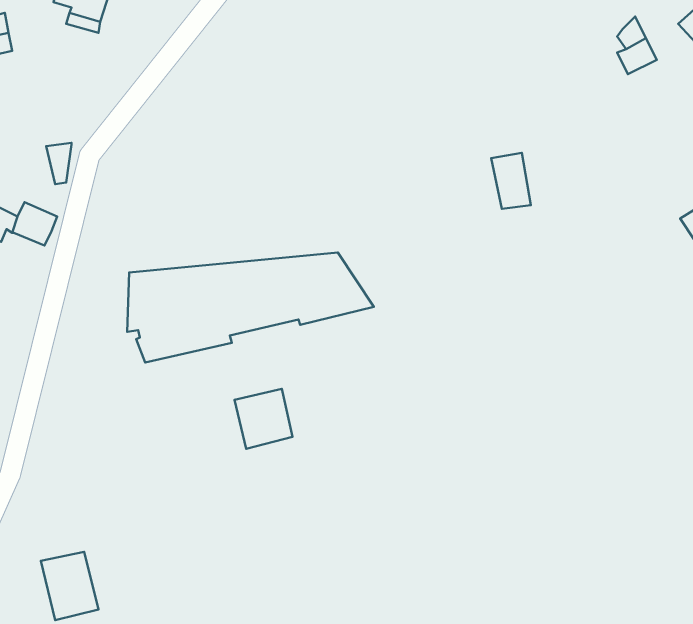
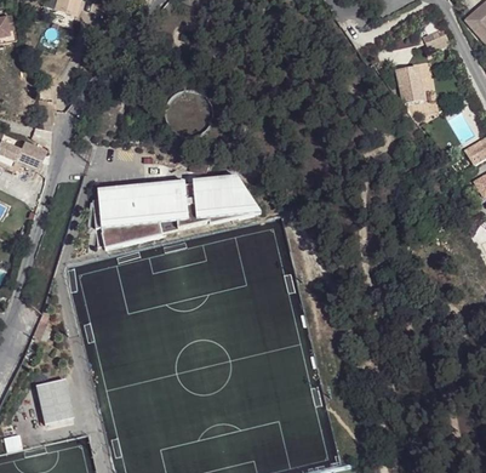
building: [491,153,531,209] -> [396,65,423,103]
building: [235,389,293,449] -> none

